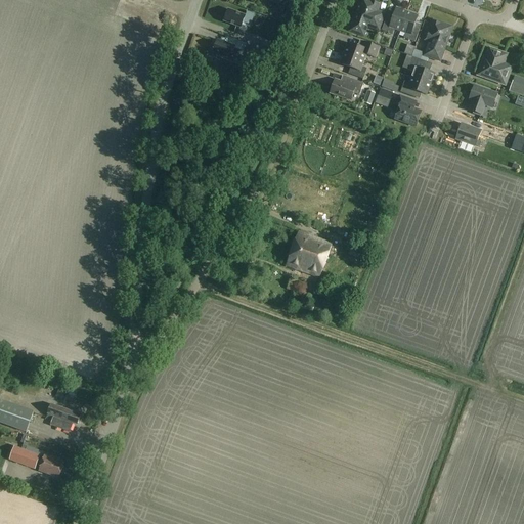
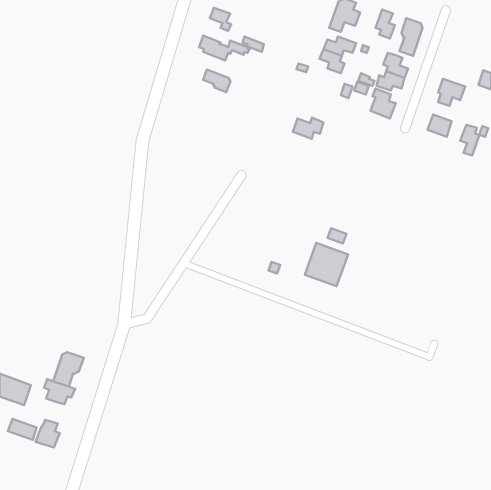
building: [381,6,406,33] -> none
building: [479,49,509,82] -> none
building: none -> [203,70,231,92]
building: [330,77,362,99] -> [293,118,324,139]
building: none -> [460,125,479,156]
building: [286,230,332,276] -> [305,243,348,286]
building: none -> [53,352,84,386]

